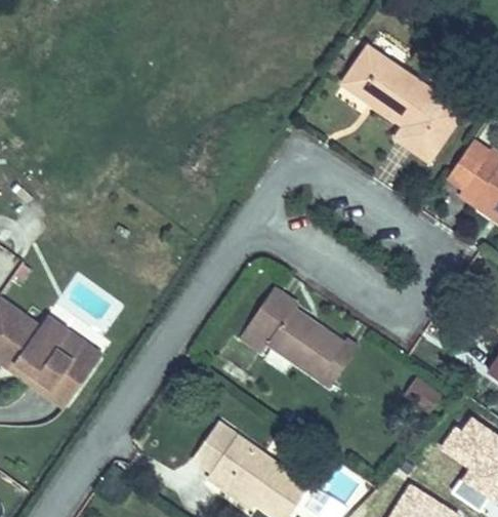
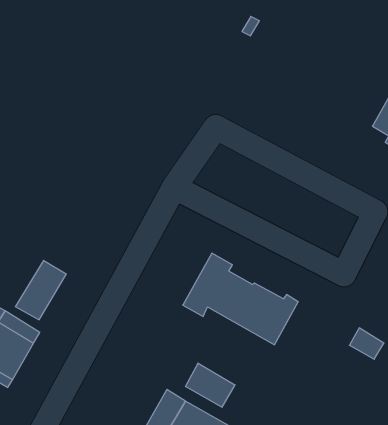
building: [343,46,462,159] -> none
building: none -> [16,260,66,320]
building: none -> [186,363,235,407]

